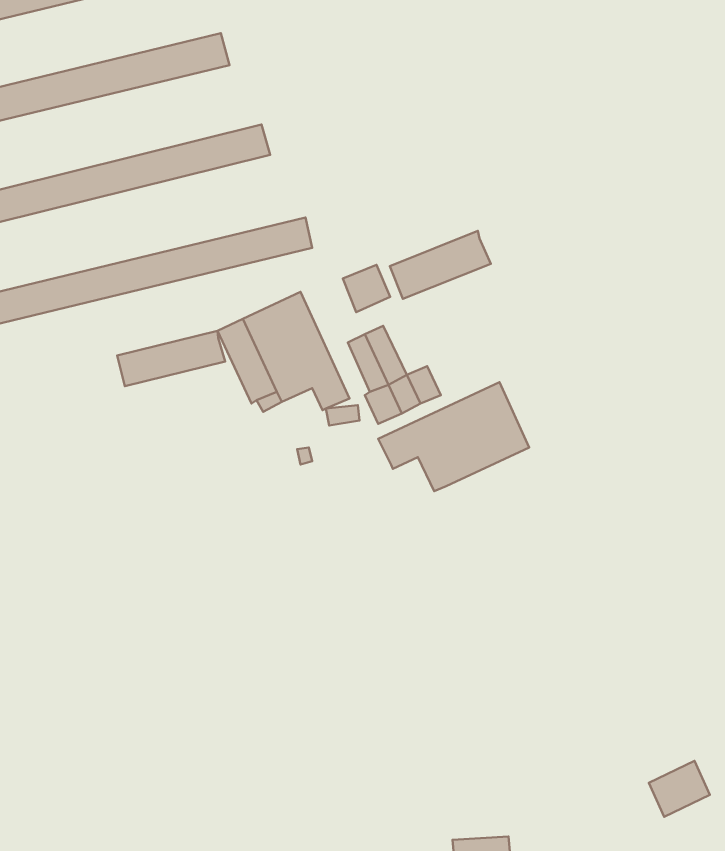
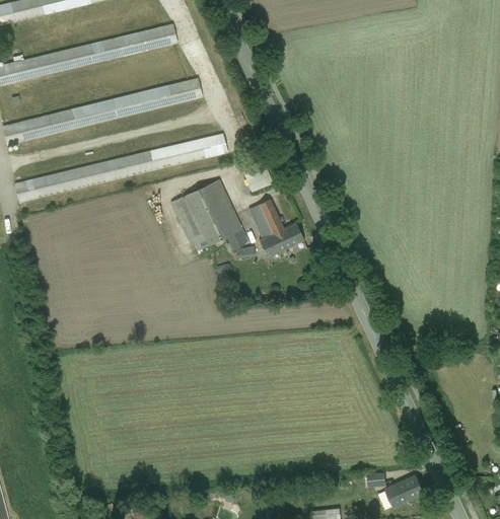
building: [390,231,491,299] -> none
building: [117,331,225,386] -> none
building: [378,382,529,491] -> none
building: [649,761,710,817] -> [385,471,422,505]

